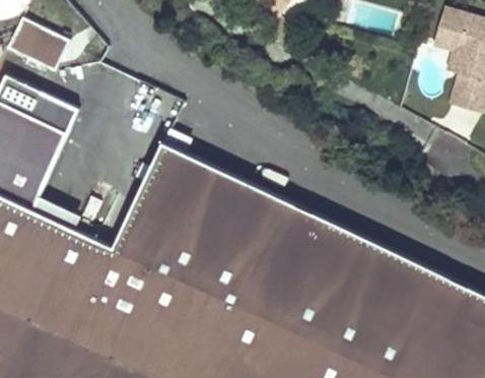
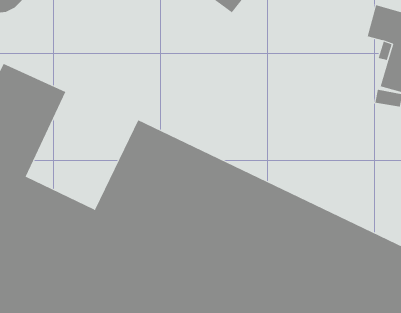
building: [7,16,71,70] -> none

